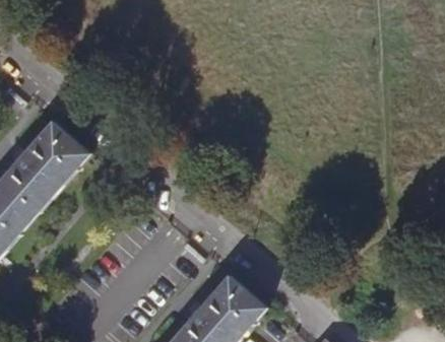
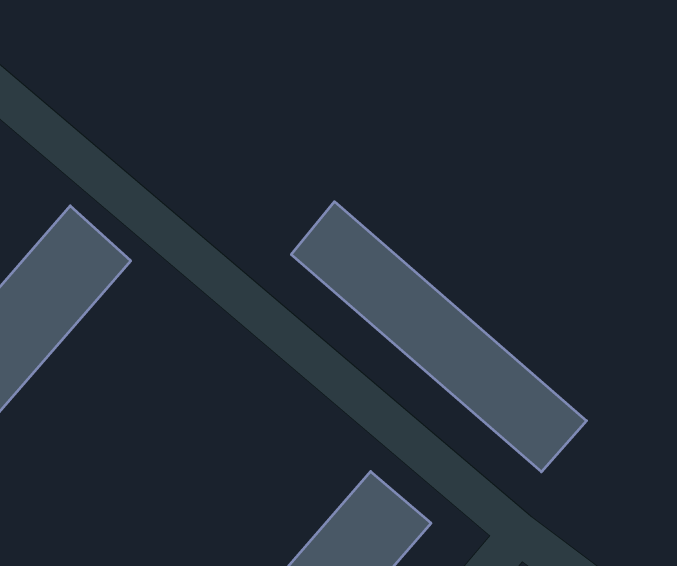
building: none -> [291,202,587,472]

